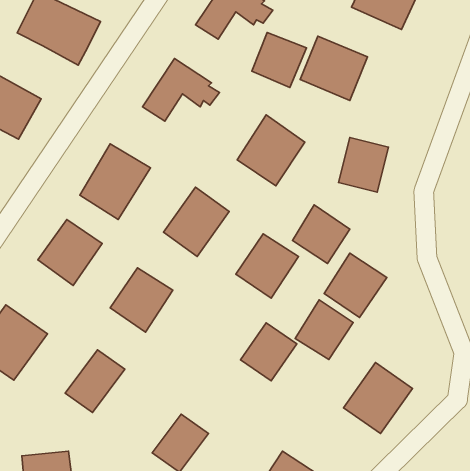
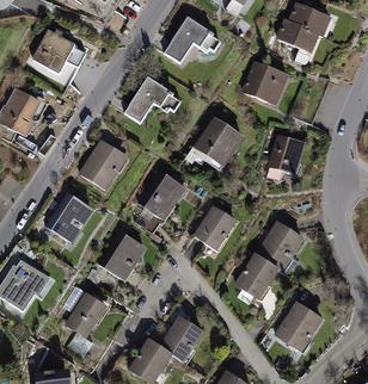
building: [252,32,306,88] -> none
building: [292,205,350,263] -> none
building: [240,323,297,381] -> [161,316,203,359]

